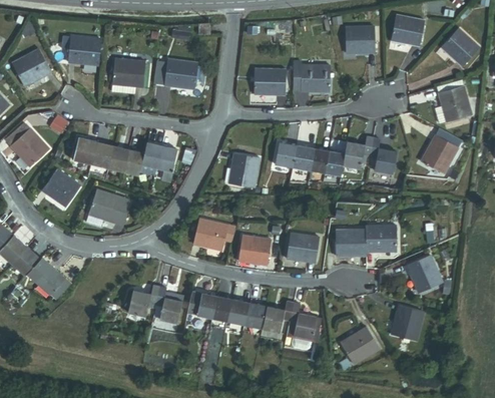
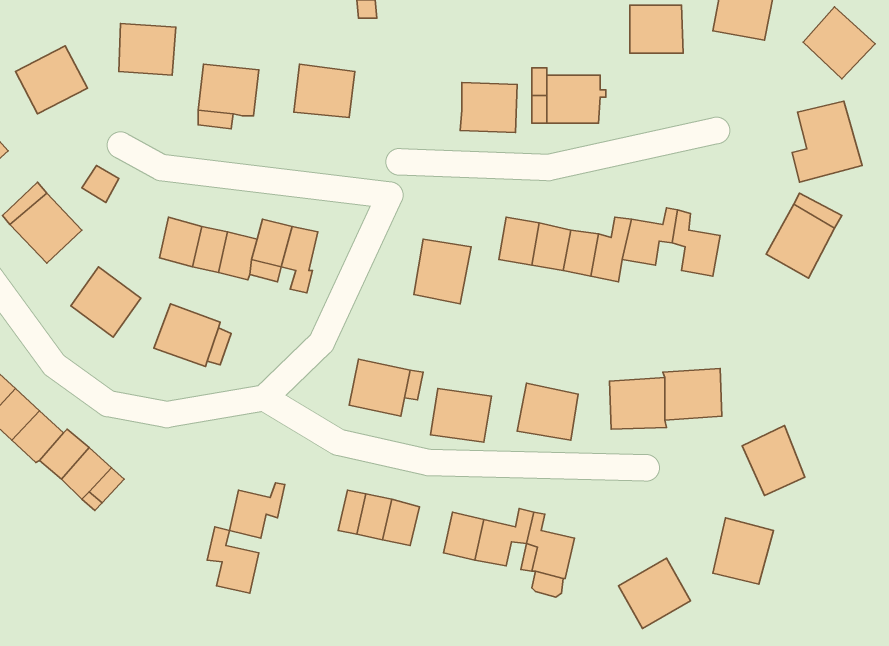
building: [72,137,95,163] -> none
building: [154,287,182,323] -> [207,527,259,593]
building: [226,299,250,324] -> none

